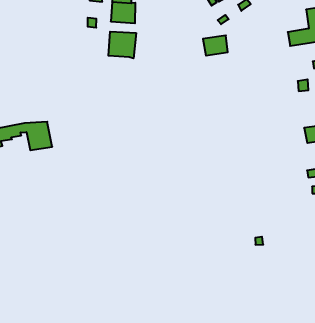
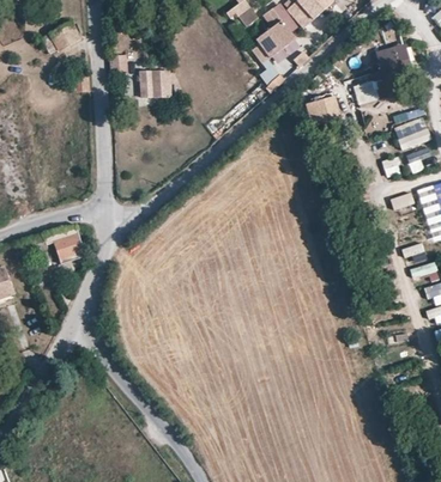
building: [108,32,136,58] -> none
building: [203,35,228,56] -> [307,97,339,124]

